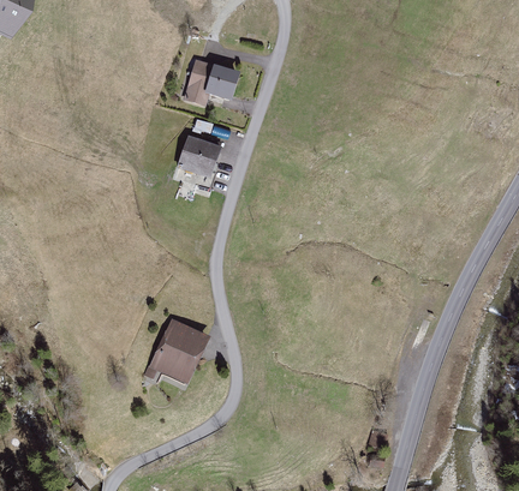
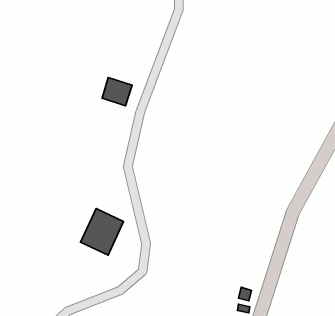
building: [183,60,240,106] -> none

